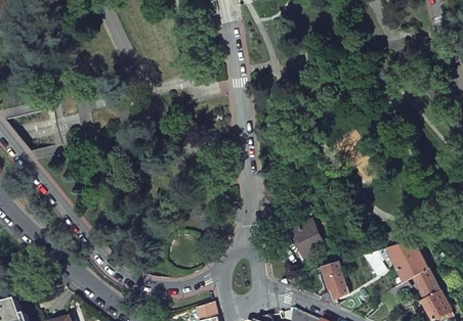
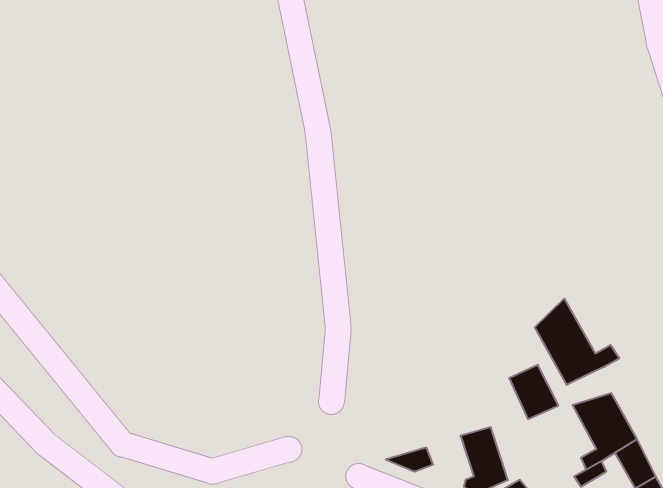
building: none -> [535,299,619,385]
building: [291,221,321,254] -> [509,365,558,419]

